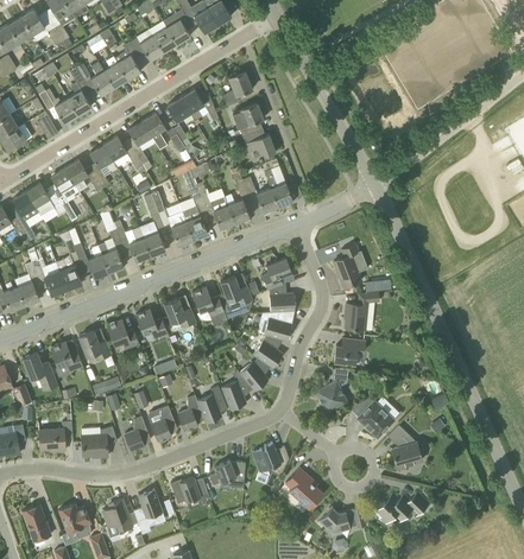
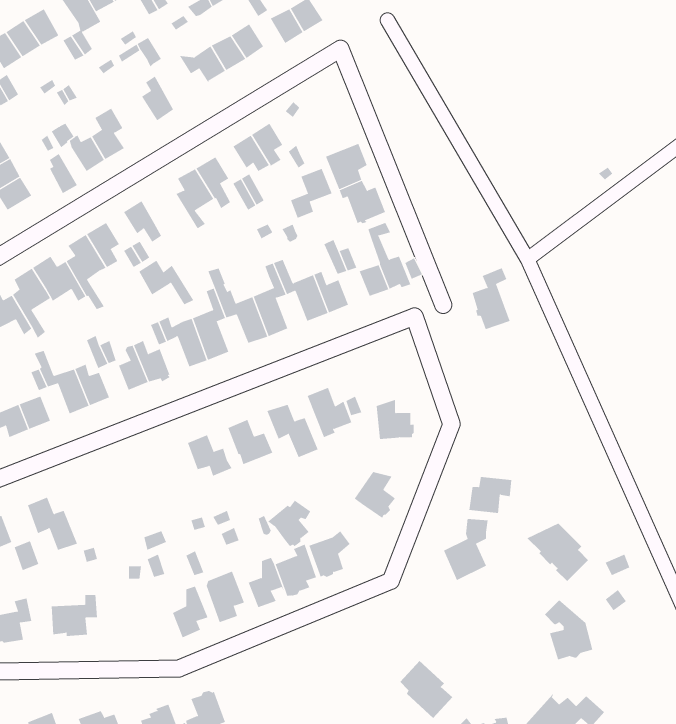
building: [113,42,141,80] -> none
building: [75,62,114,96] -> none
building: [222,71,252,107] -> [290,168,332,219]
building: [103,135,143,167] -> [138,260,194,305]
building: [334,243,361,287] -> [472,267,510,330]
building: [261,258,292,290] -> none
building: [345,292,379,330] -> none
building: [264,311,293,341] -> none
building: [107,319,139,349] -> none
building: [80,331,111,361] -> none
building: [51,342,83,376] -> none
building: [239,357,270,390] -> [267,500,311,547]
building: [348,396,392,438] -> [527,523,589,582]
building: [81,426,118,457] -> none
building: [252,442,289,472] -> none
building: [209,460,246,487] -> none
building: [170,477,210,503] -> none

